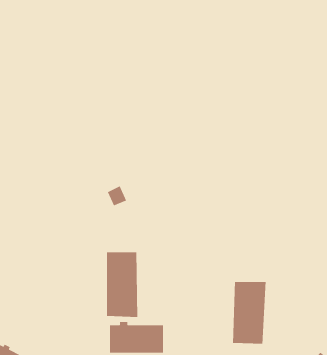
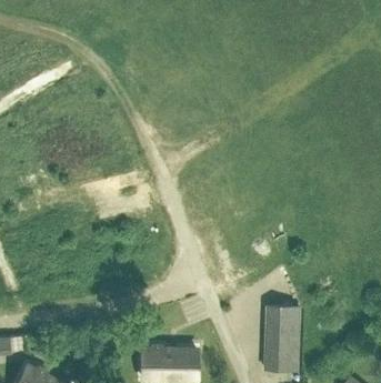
building: [106,251,138,318] -> none

